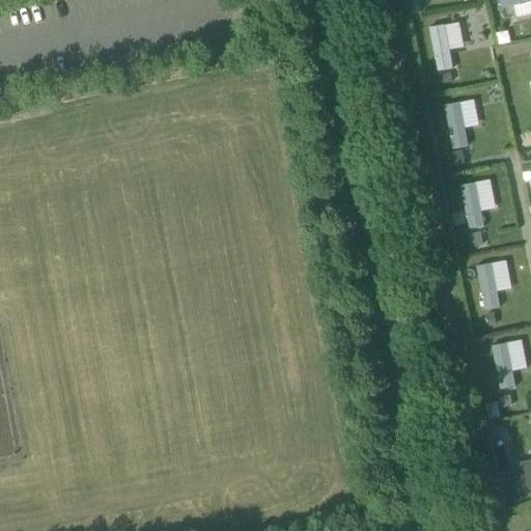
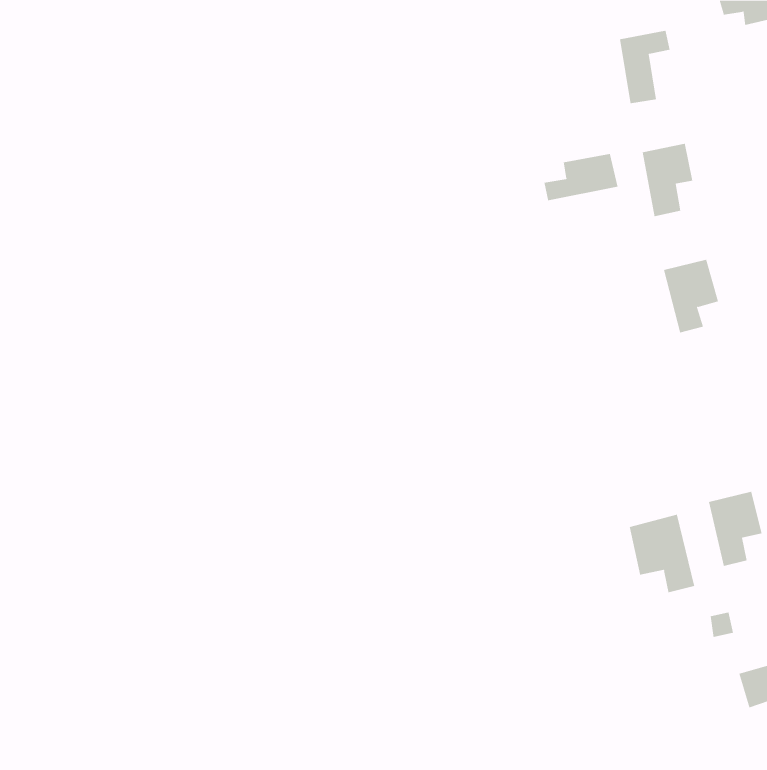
building: none -> [544,153,618,201]
building: [474,258,511,310] -> none
building: none -> [629,514,695,593]

